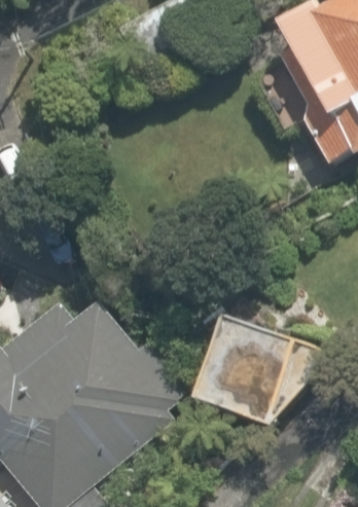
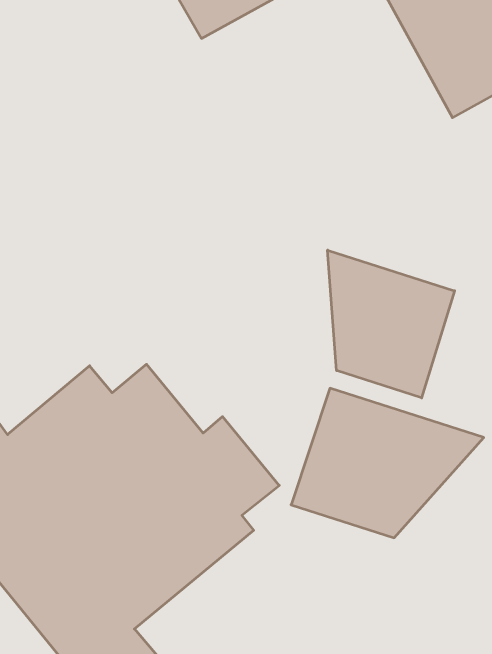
building: none -> [328,250,455,398]

